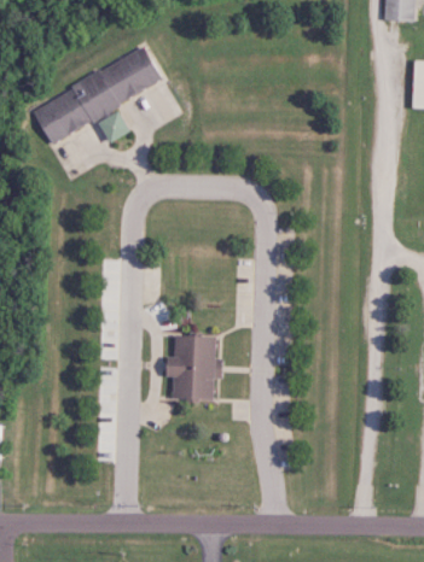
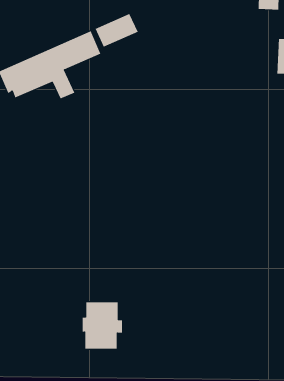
building: none -> [95,13,138,47]
building: [173,335,228,399] -> [82,302,123,349]

